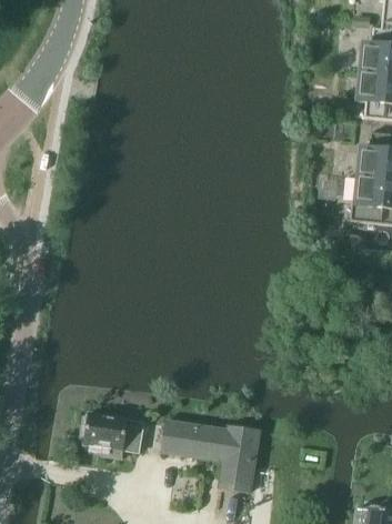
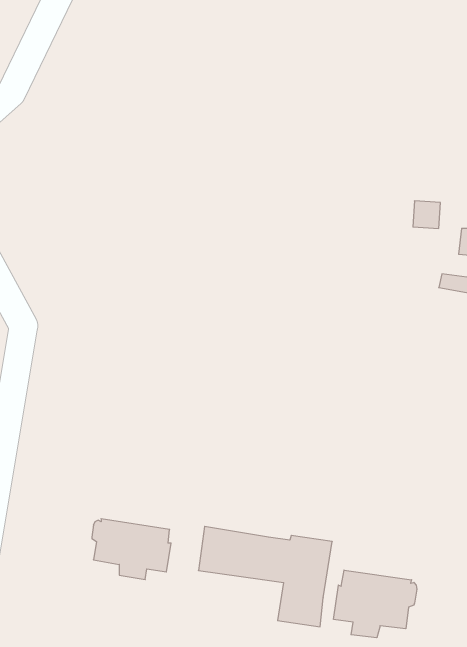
building: none -> [334,570,417,638]

